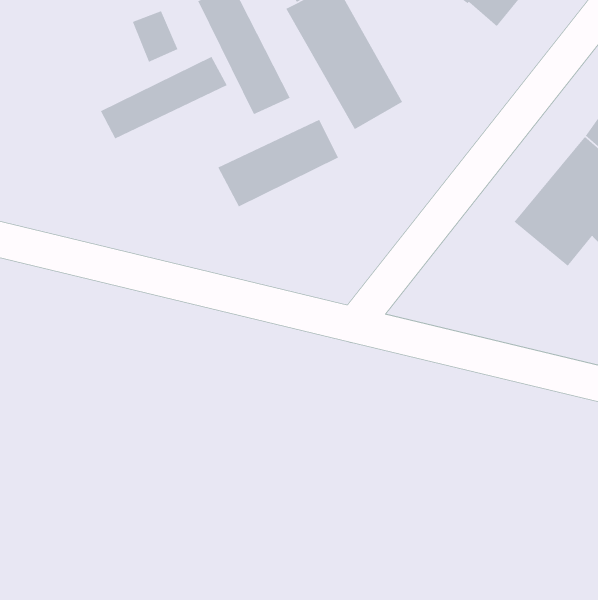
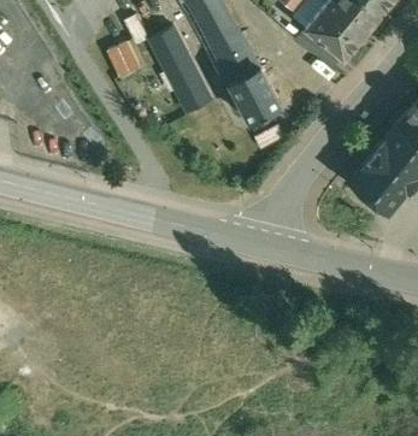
building: [100,56,228,140] -> none
building: [217,119,339,208] -> none

